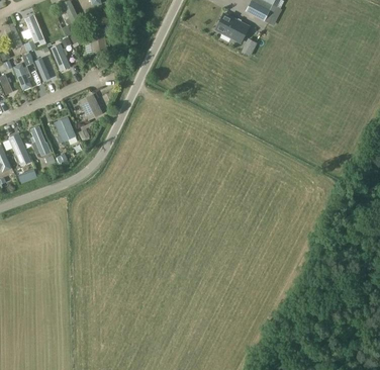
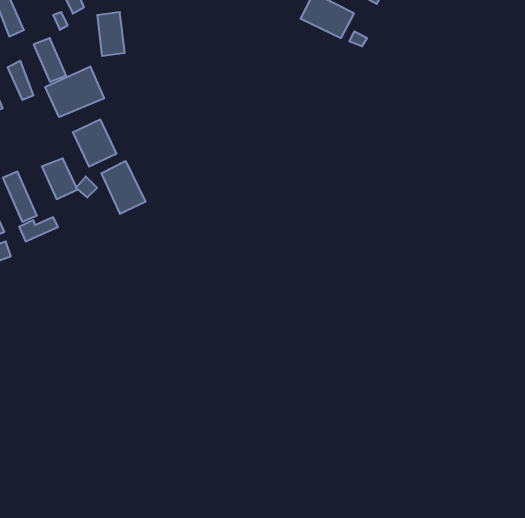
building: none -> [45,66,104,117]
building: none -> [101,161,146,214]

